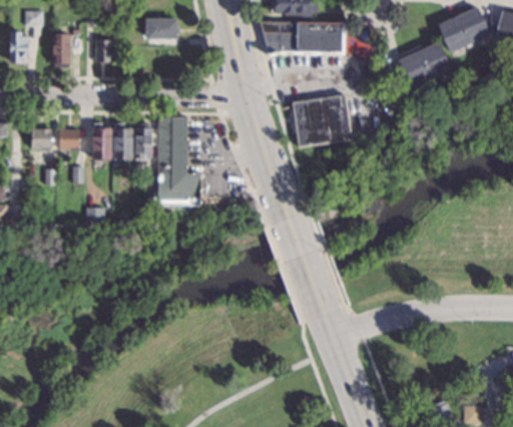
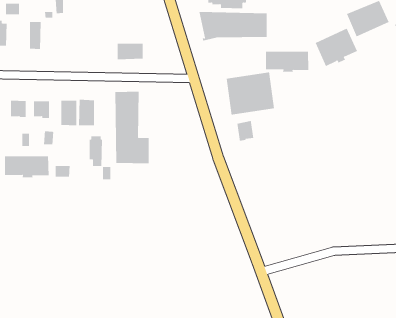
building: [146,18,178,38] -> [117,43,143,60]
building: [95,38,113,61] -> none
building: none -> [265,51,309,72]
building: [135,122,152,159] -> [89,136,103,166]
building: none -> [237,120,254,141]
building: none -> [5,155,49,178]

